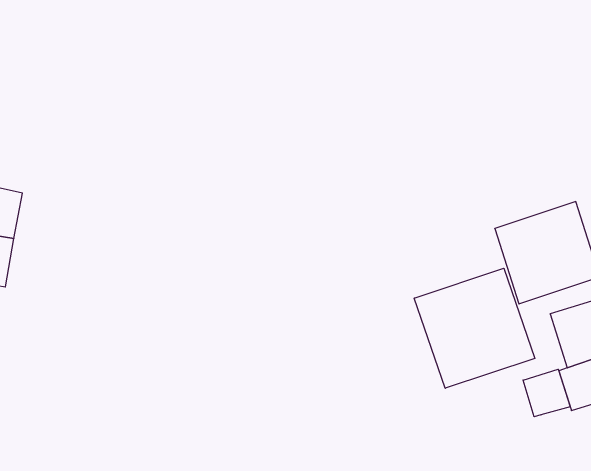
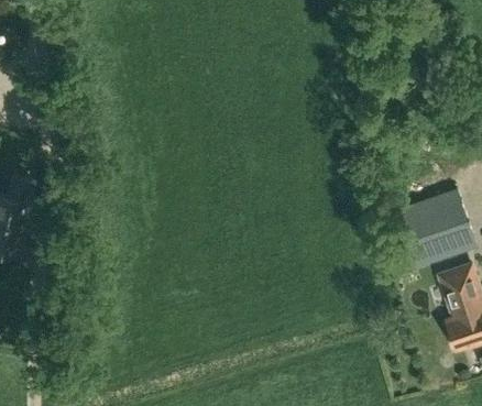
building: [414,268,535,388] -> none
building: [523,369,570,417] -> none

